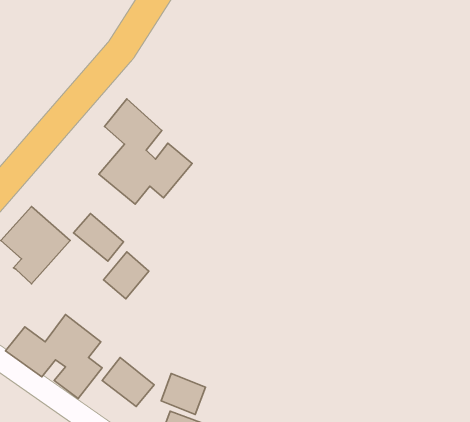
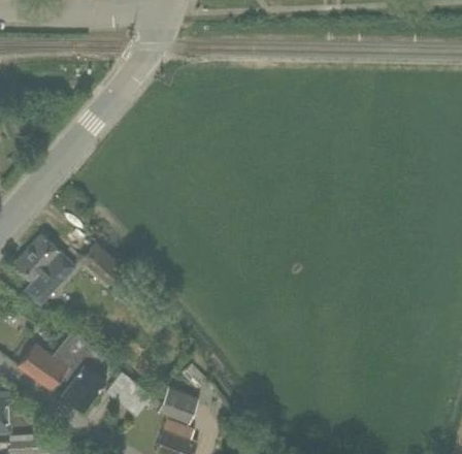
building: [99,99,192,204] -> none
building: [104,252,149,299] -> none

